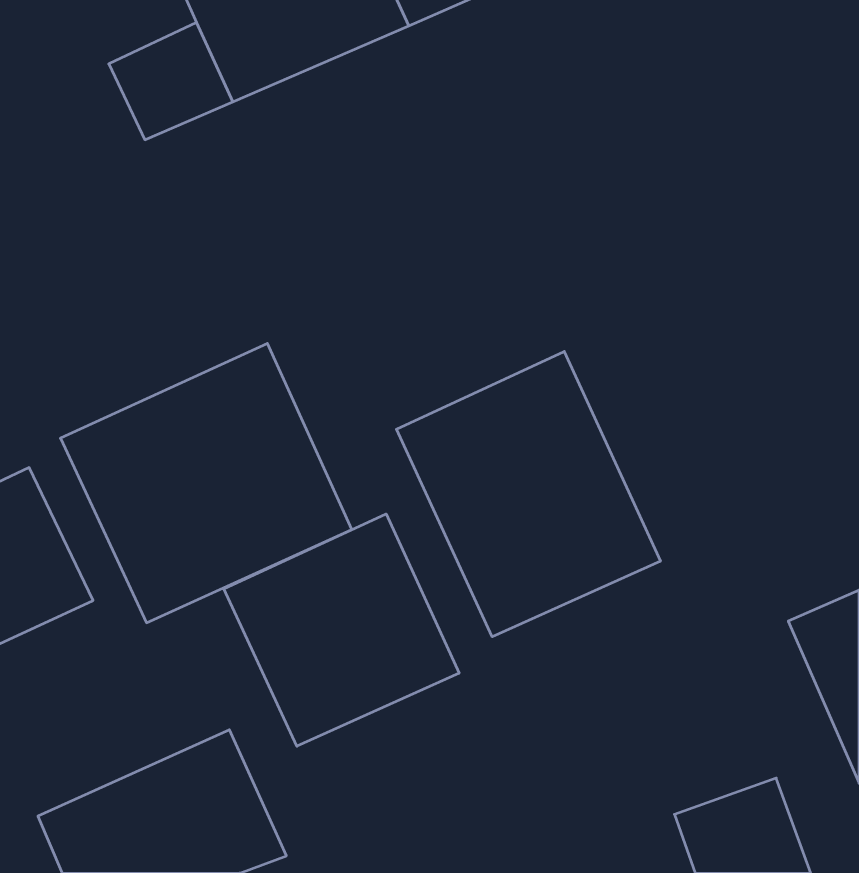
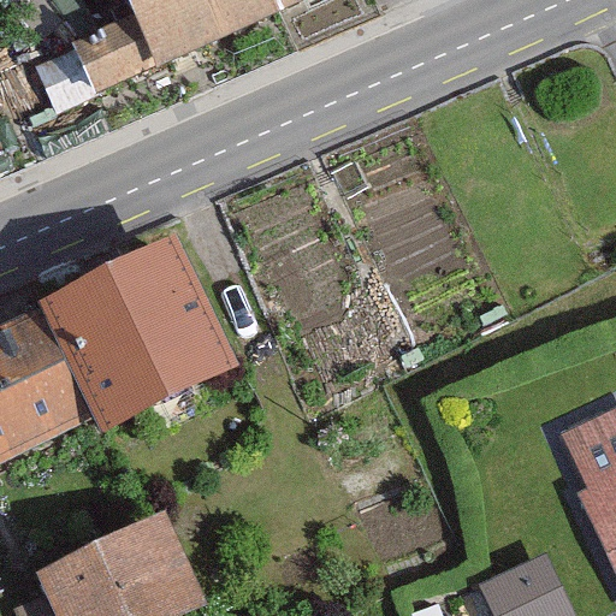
building: [396,351,660,637] -> none
building: [224,514,459,746] -> none

